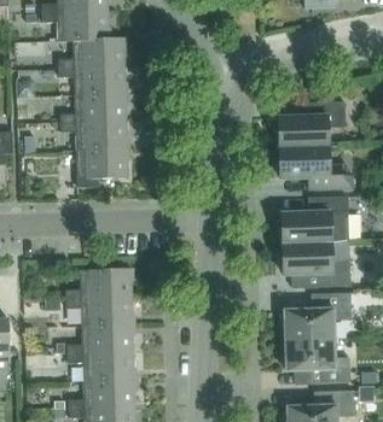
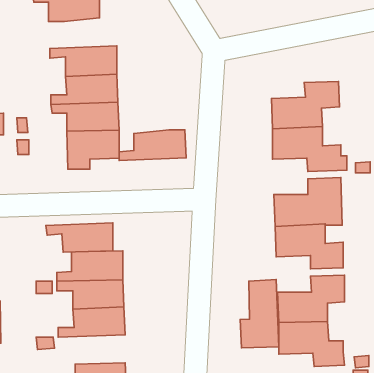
building: [59,37,126,68] -> [119,130,186,160]
building: none -> [240,279,279,348]
building: [68,351,134,380] -> [46,223,113,252]

